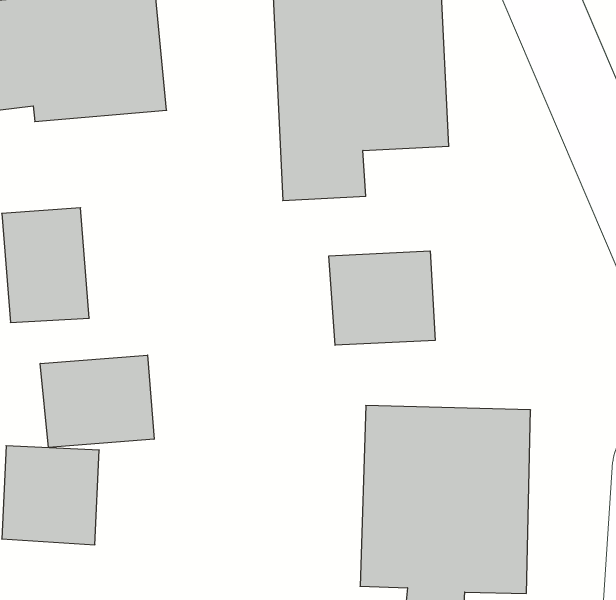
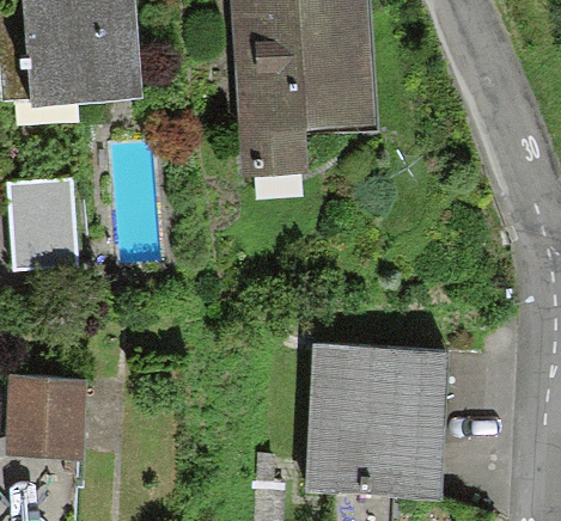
building: [329,251,435,345] -> none
building: [40,355,154,447] -> none

